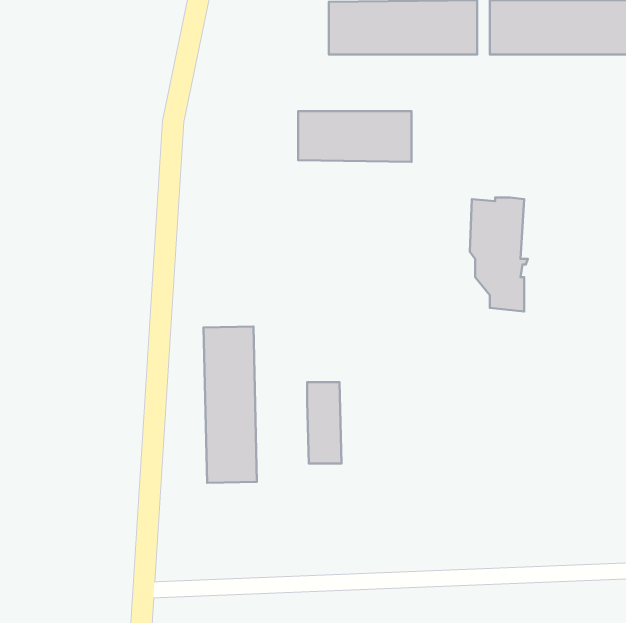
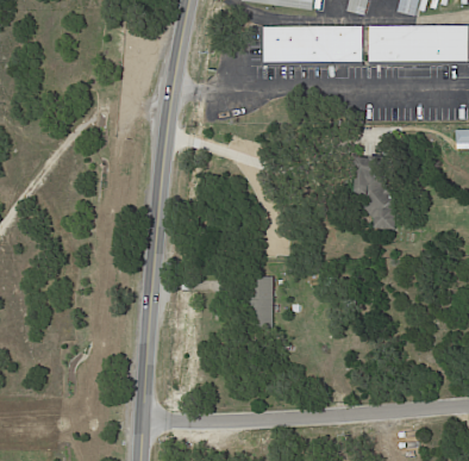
building: [298,111,412,162] -> none
building: [204,326,257,483] -> none

